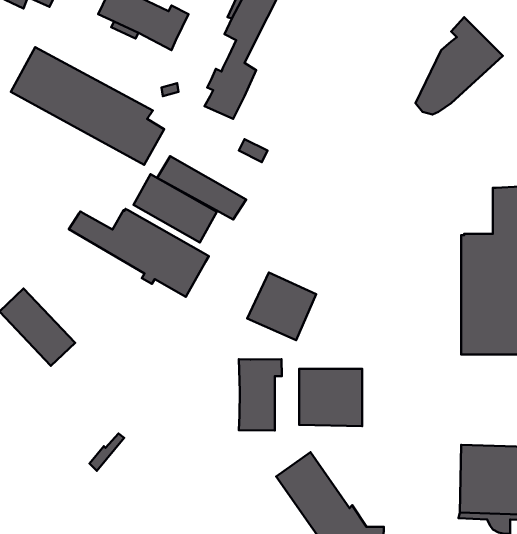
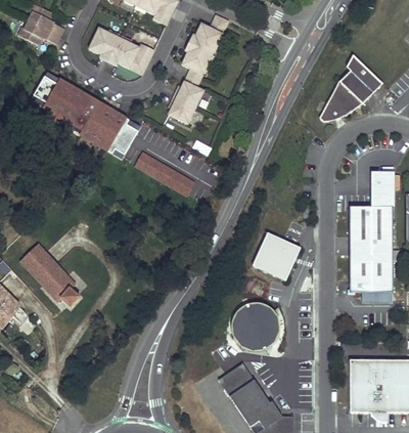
building: [133,174,217,242] -> none
building: [69,209,209,297] -> none
building: [247,273,316,340] -> [253,231,302,279]
building: [239,359,282,431] -> none

